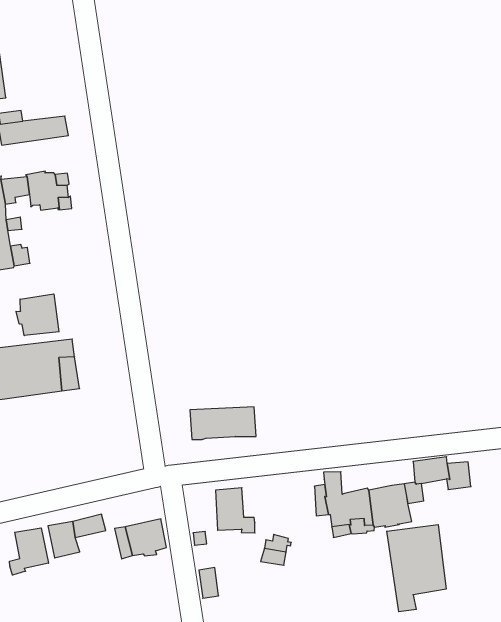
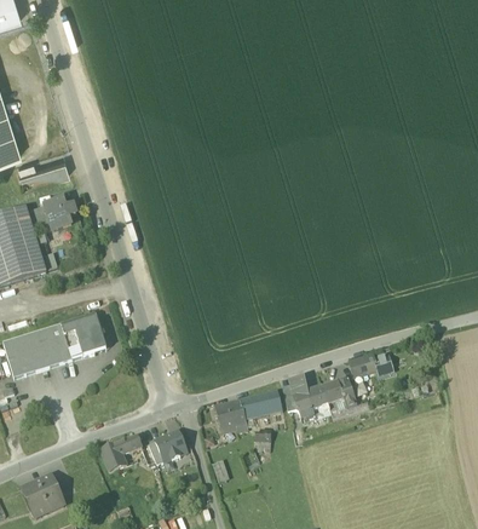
building: [16,294,59,336] -> none
building: [190,407,256,439] -> [231,390,281,420]
building: [387,525,446,612] -> none
building: [10,528,48,575] -> none

